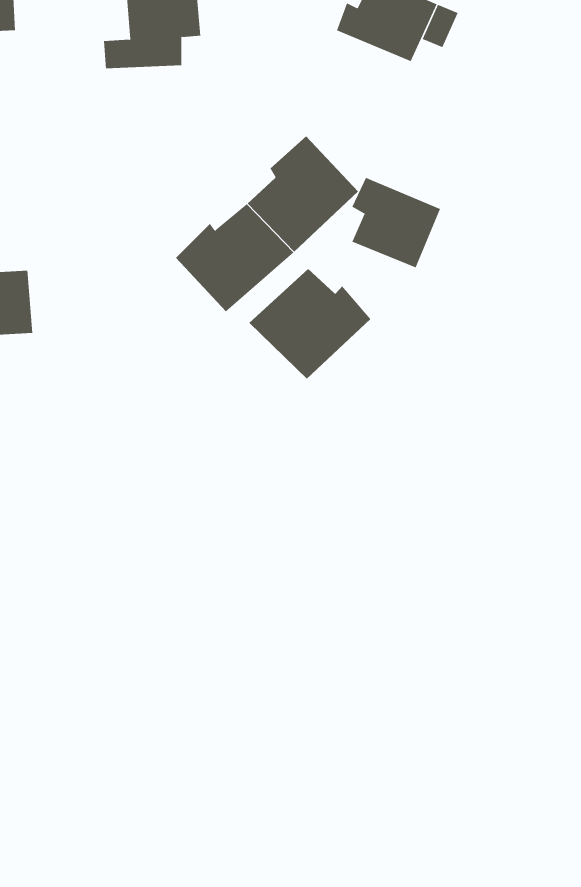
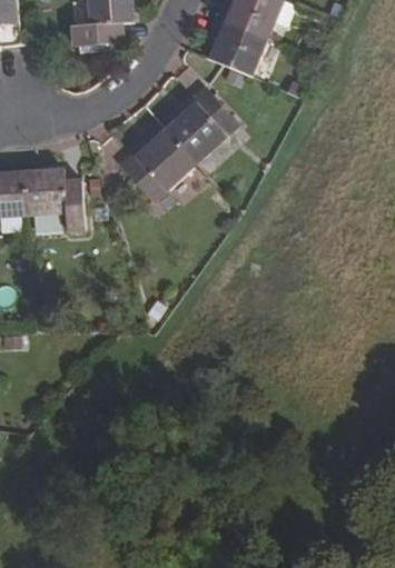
building: [352,177,441,268] -> [214,20,270,78]
building: none -> [27,170,87,228]
building: [248,268,371,380] -> none

